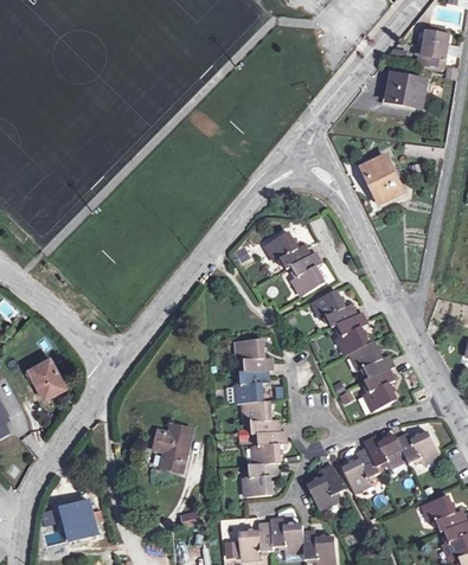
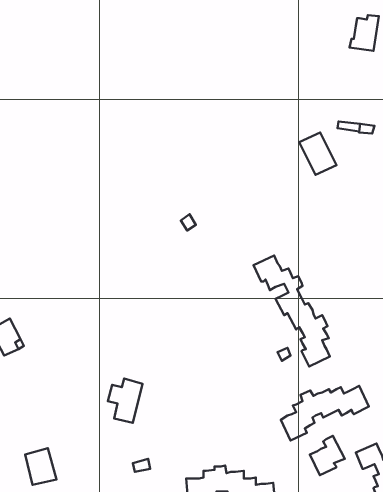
building: [385,73,424,107] -> none
building: [264,231,323,295] -> none
building: [233,338,284,496] -> none
building: [306,464,344,507] -> [310,436,345,475]

